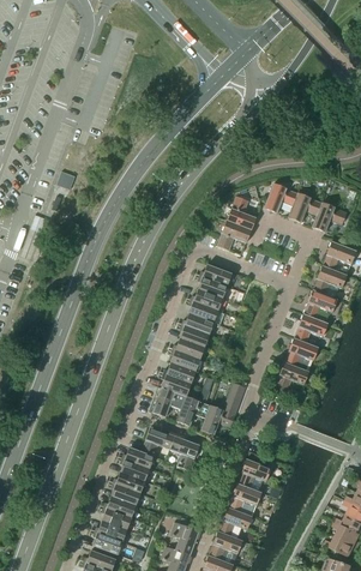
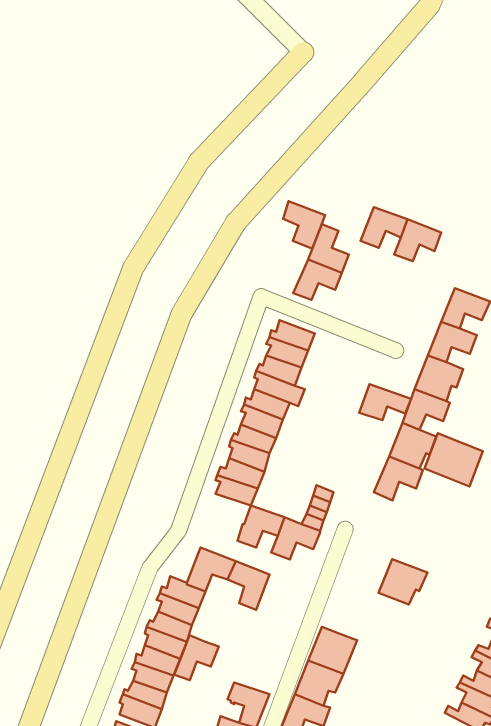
building: none -> [283,201,325,248]
building: [312,203,347,233] -> none
building: none -> [359,384,411,420]
building: none -> [424,433,483,487]
building: [152,389,186,417] -> none
building: [236,459,271,492] -> [379,559,427,605]
building: none -> [175,635,219,680]

